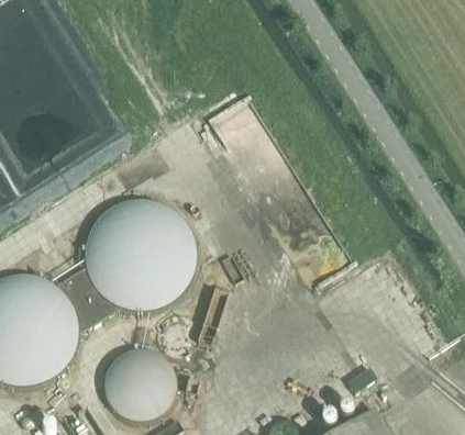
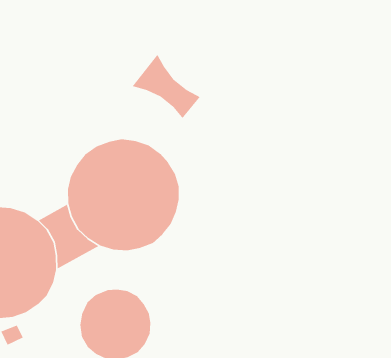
building: none -> [132,54,201,119]

